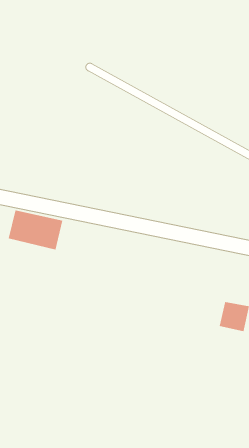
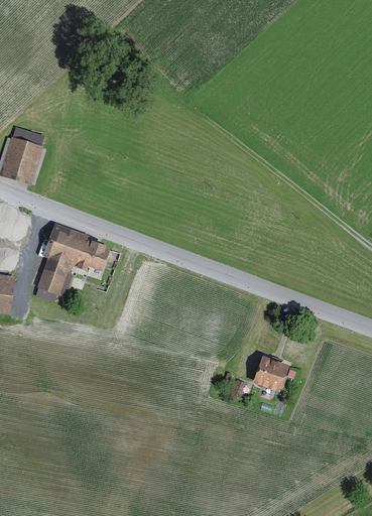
building: none -> [36,267,68,295]

